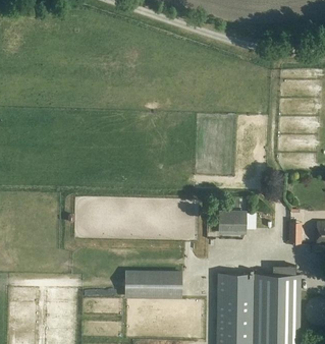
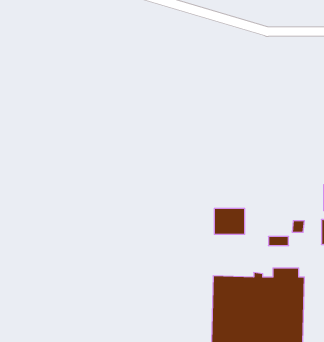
building: [126,271,183,299] -> none

